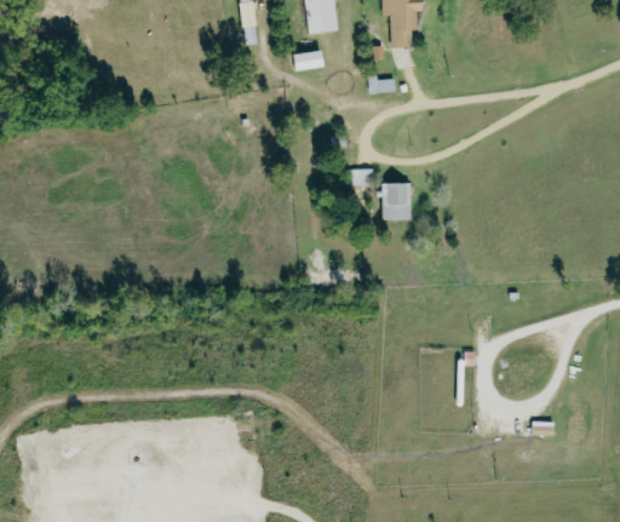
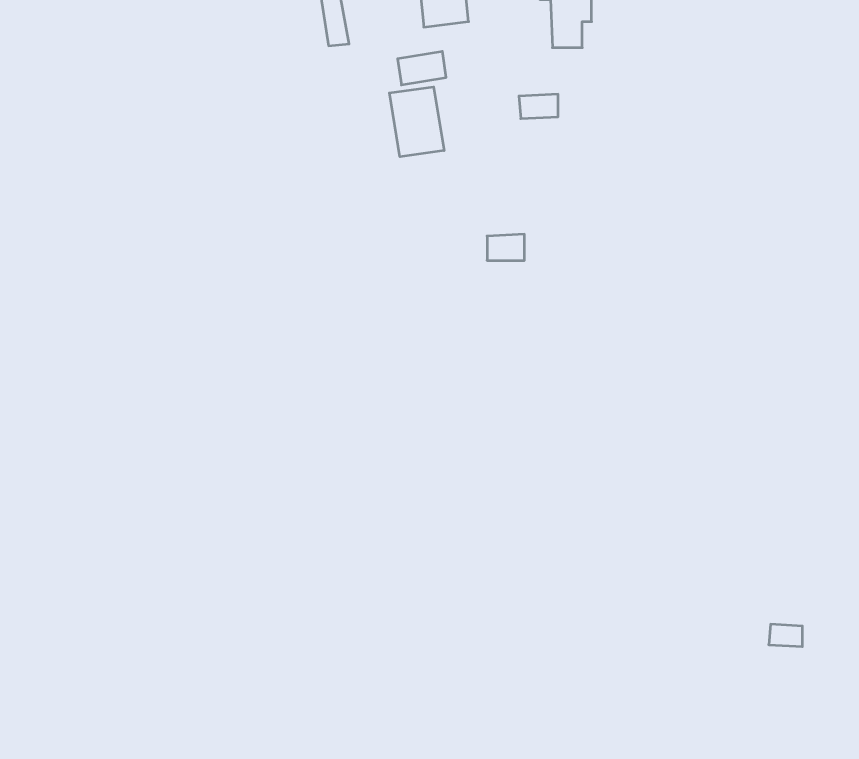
building: none -> [389,87,444,157]
building: [380,183,412,220] -> none

